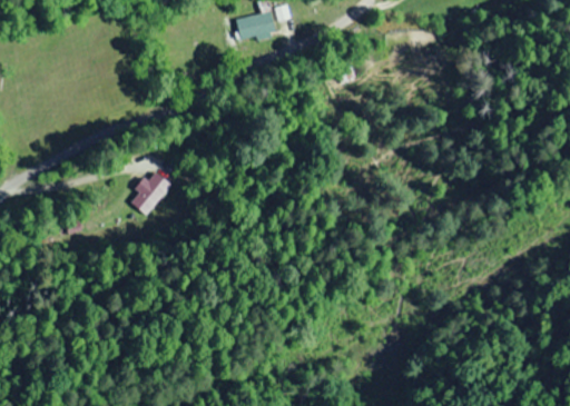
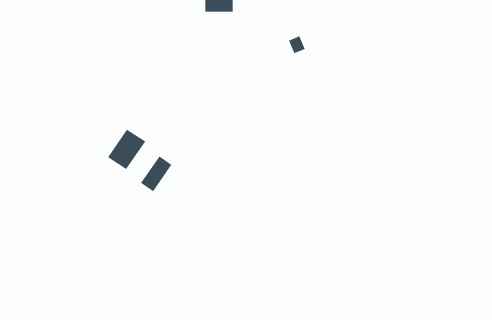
building: none -> [140,155,172,192]

